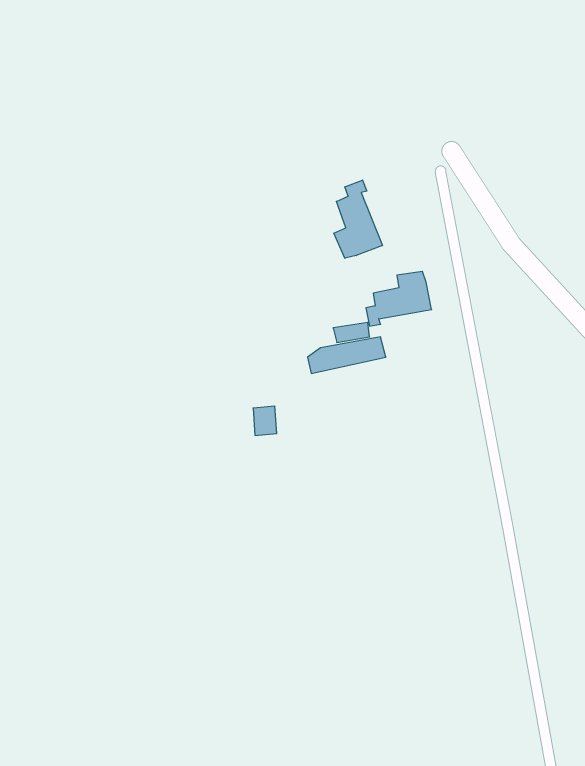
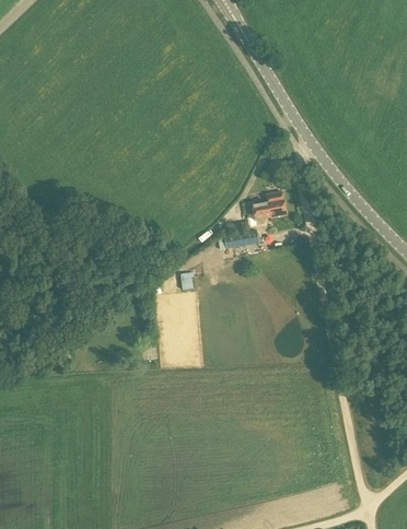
building: [334,180,382,258] -> none

